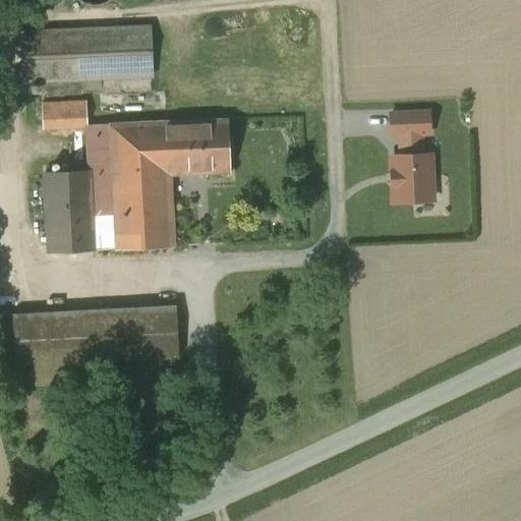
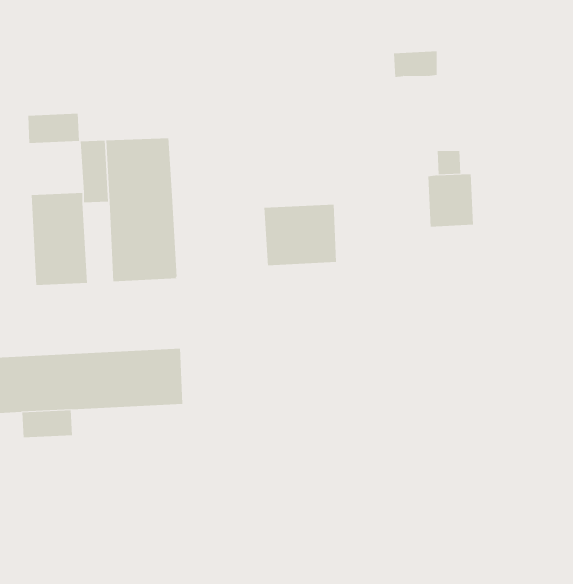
building: [26,25,153,80] -> none
building: [391,111,429,134] -> [393,51,438,78]
building: [166,119,230,173] -> [264,204,337,266]
building: [91,178,116,249] -> none

